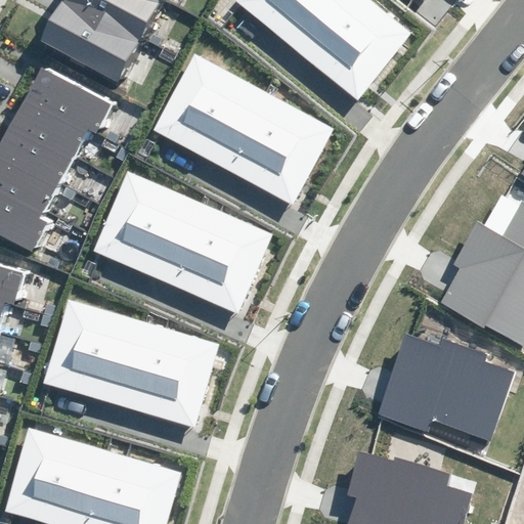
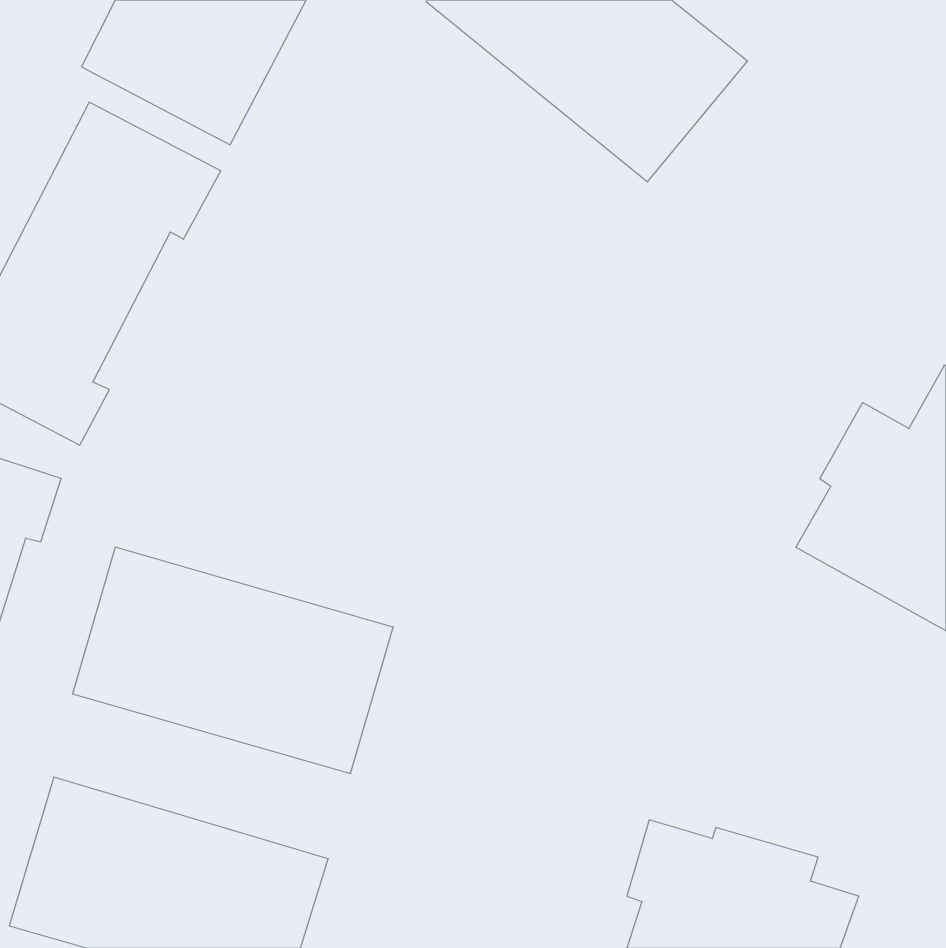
building: [151,54,333,206] -> none
building: [92,171,272,313] -> none
building: [376,334,515,440] -> none

